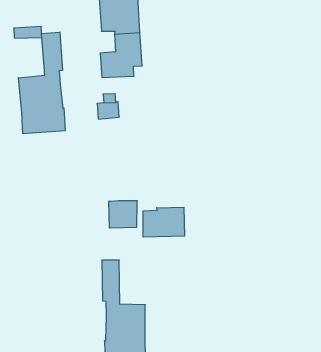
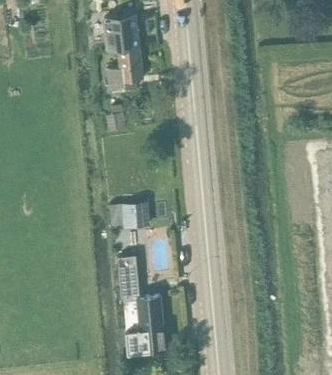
building: [18,32,65,134] -> none
building: [143,207,185,237] -> none

